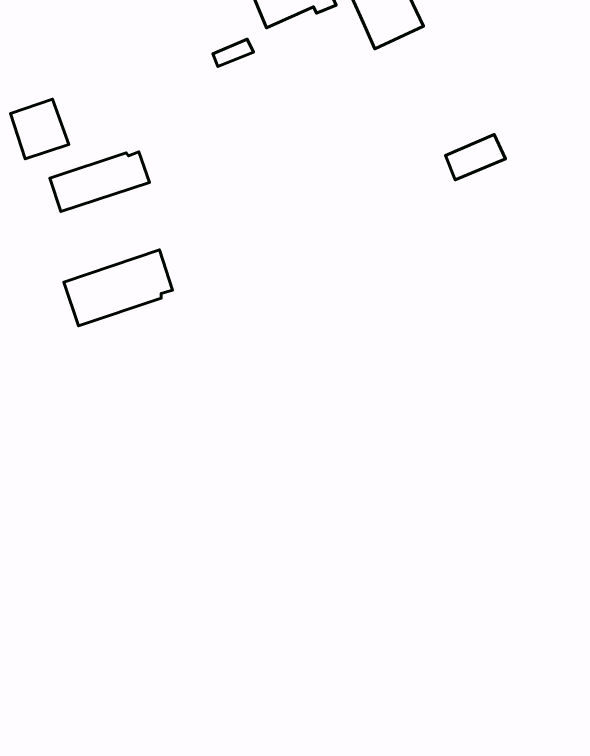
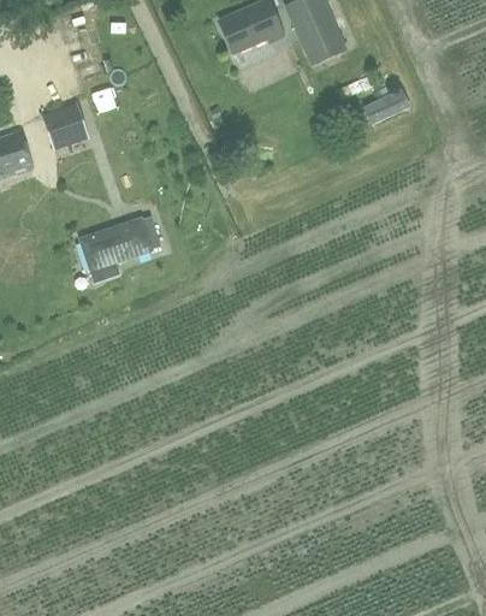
building: [445,134,505,180] -> [363,91,408,125]
building: [50,152,150,212] -> none

